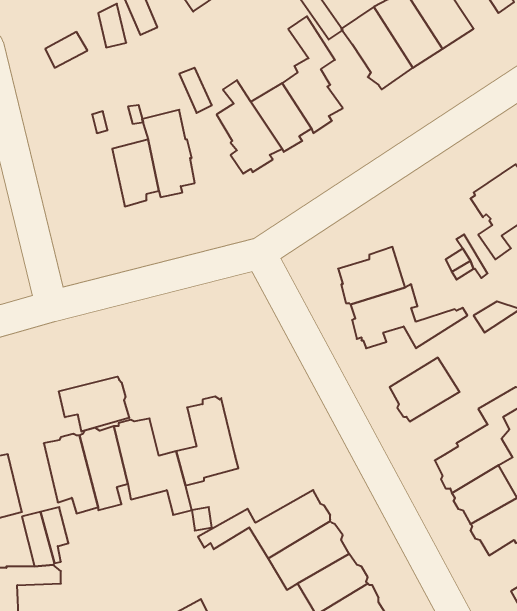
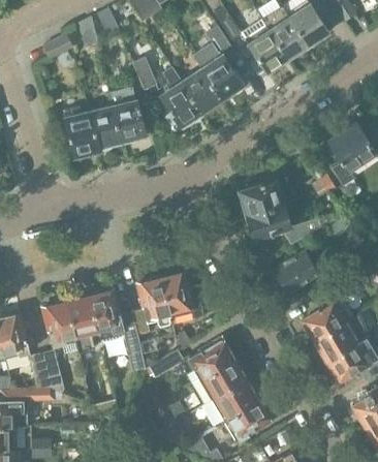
building: none -> [65,107,97,156]
building: [59,377,129,432] -> none
building: none -> [161,273,201,316]

